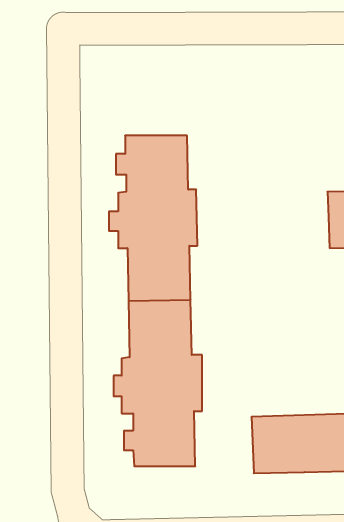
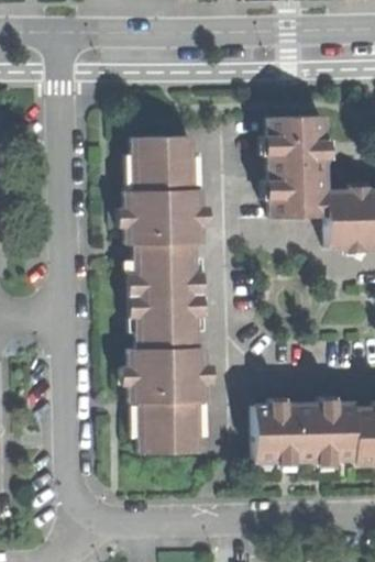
building: none -> [268,118,326,218]

